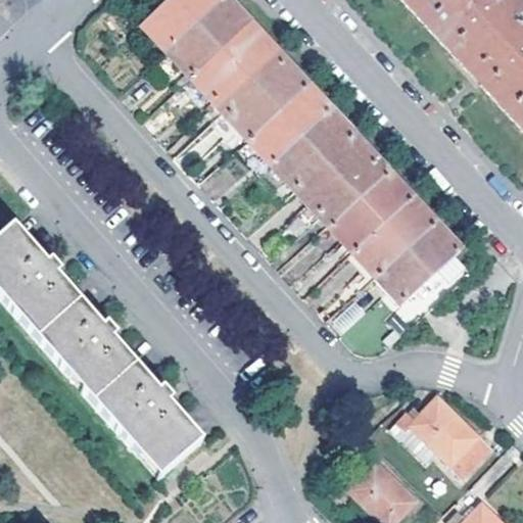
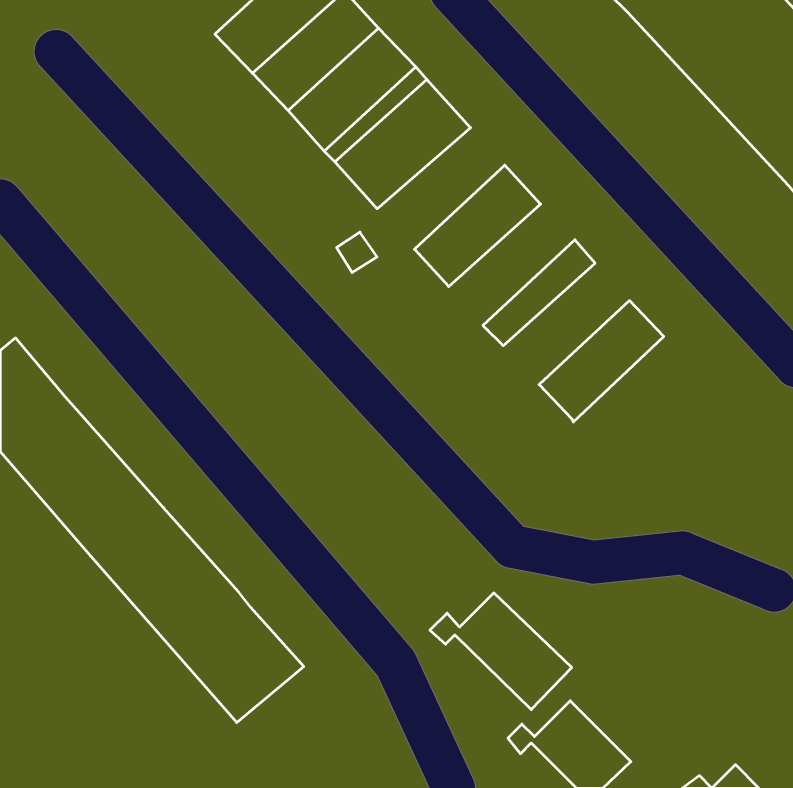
building: [249,84,333,163] -> none
building: [296,134,379,213] -> none
building: [332,173,415,252] -> none
building: [378,221,462,303] -> none
building: [397,396,490,473] -> [430,593,572,710]

